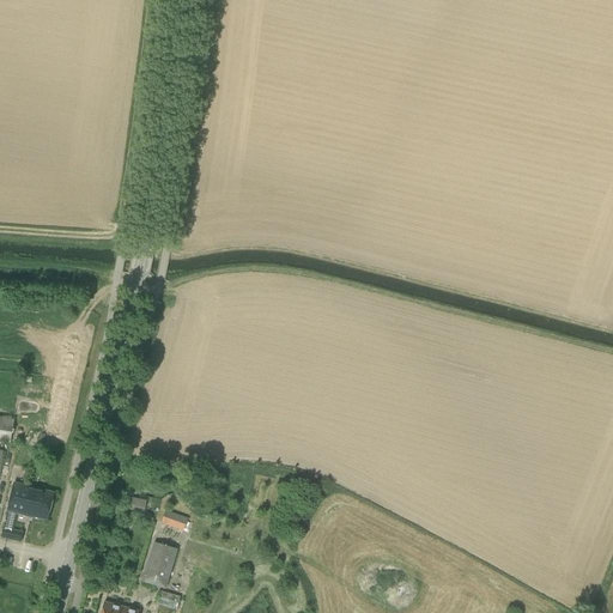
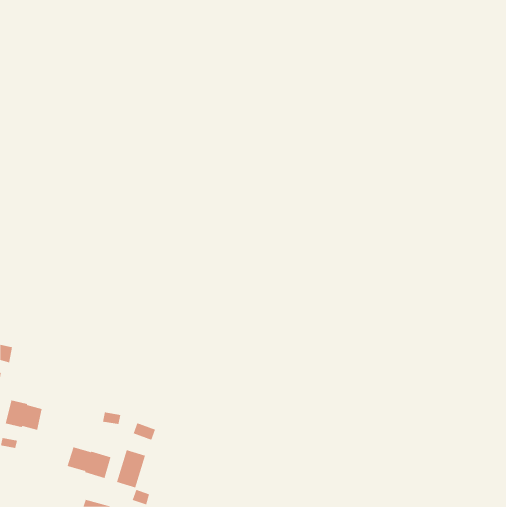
building: none -> [67,447,111,479]

